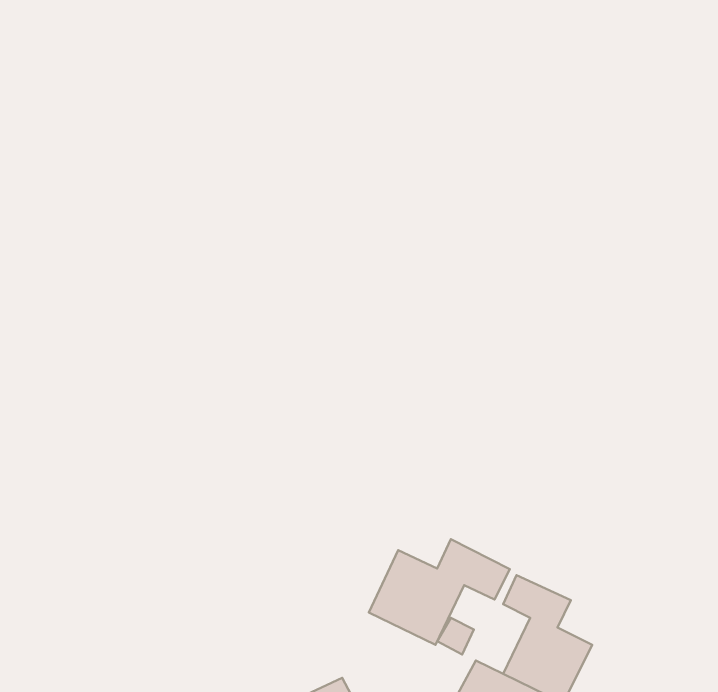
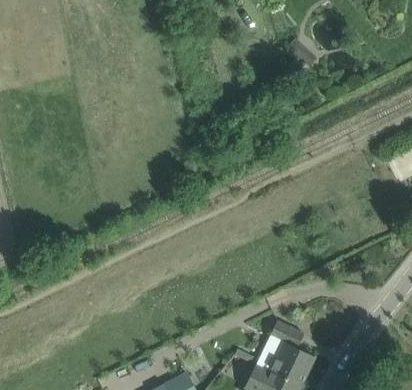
building: [369,539,510,645] -> none

